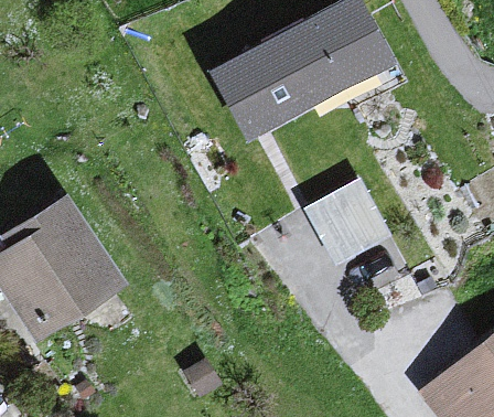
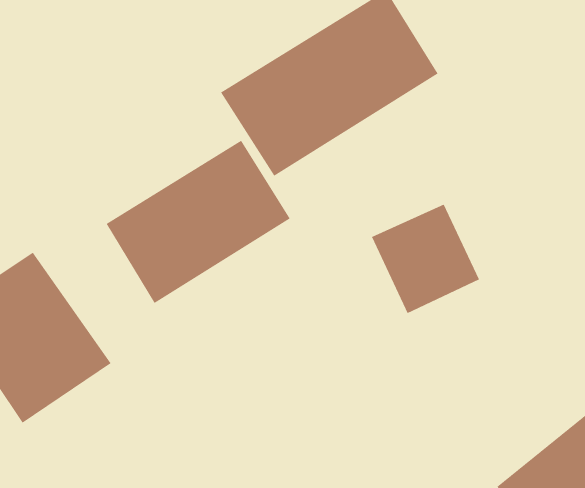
building: none -> [106,140,290,304]

